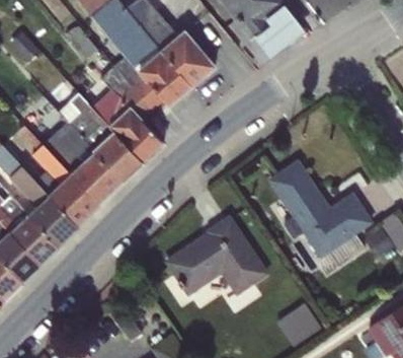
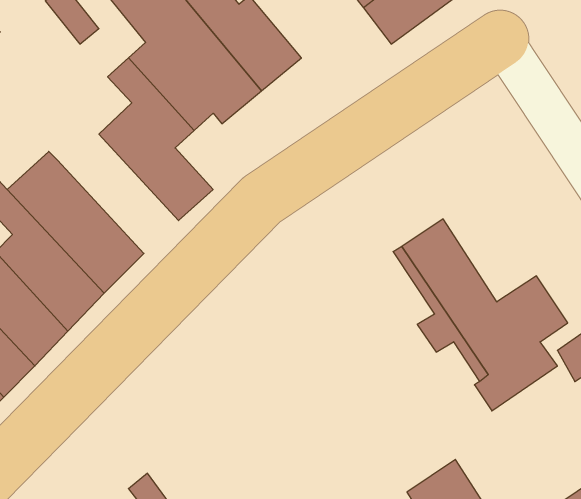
building: [58,92,143,182] -> none
building: [167,217,267,296] -> none

